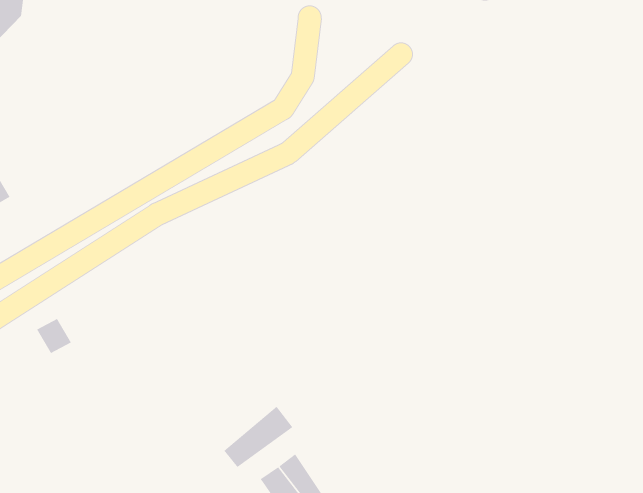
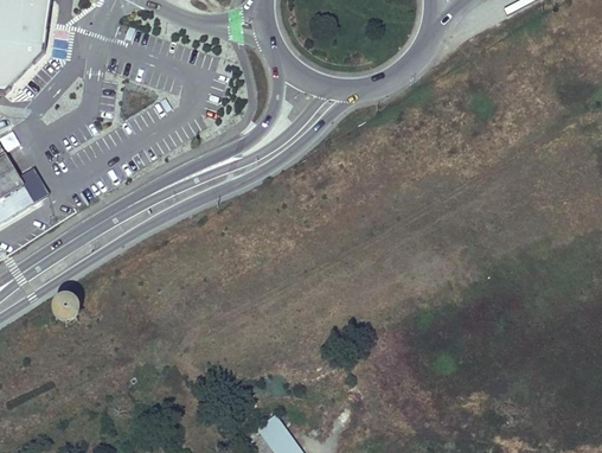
building: [223,406,293,468] -> none

